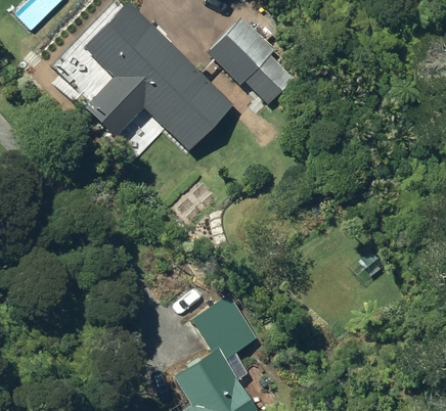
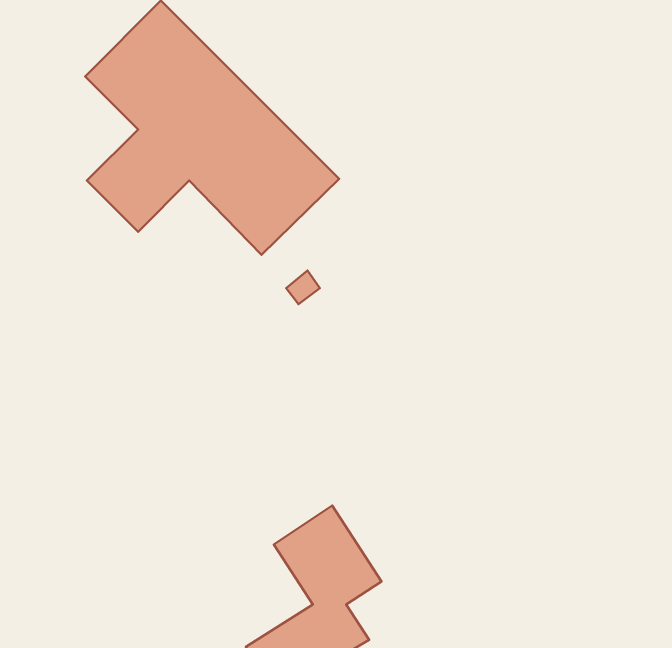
building: [214,21,300,106] -> none

